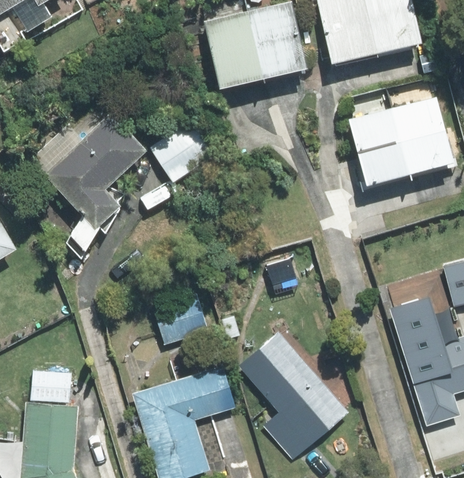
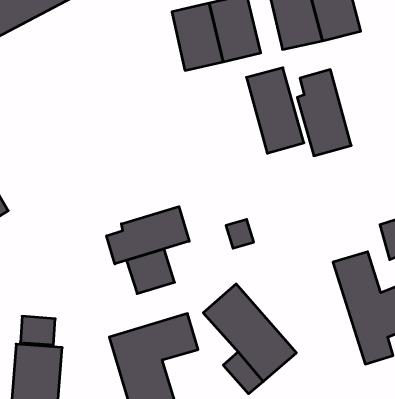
building: [386,76,452,174] -> [246,68,304,153]
building: [30,112,146,258] -> none
building: [151,123,212,181] -> none
building: none -> [107,207,189,264]

